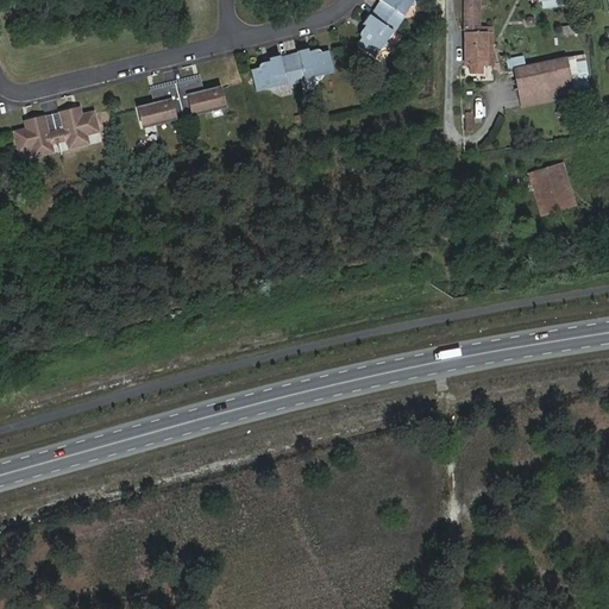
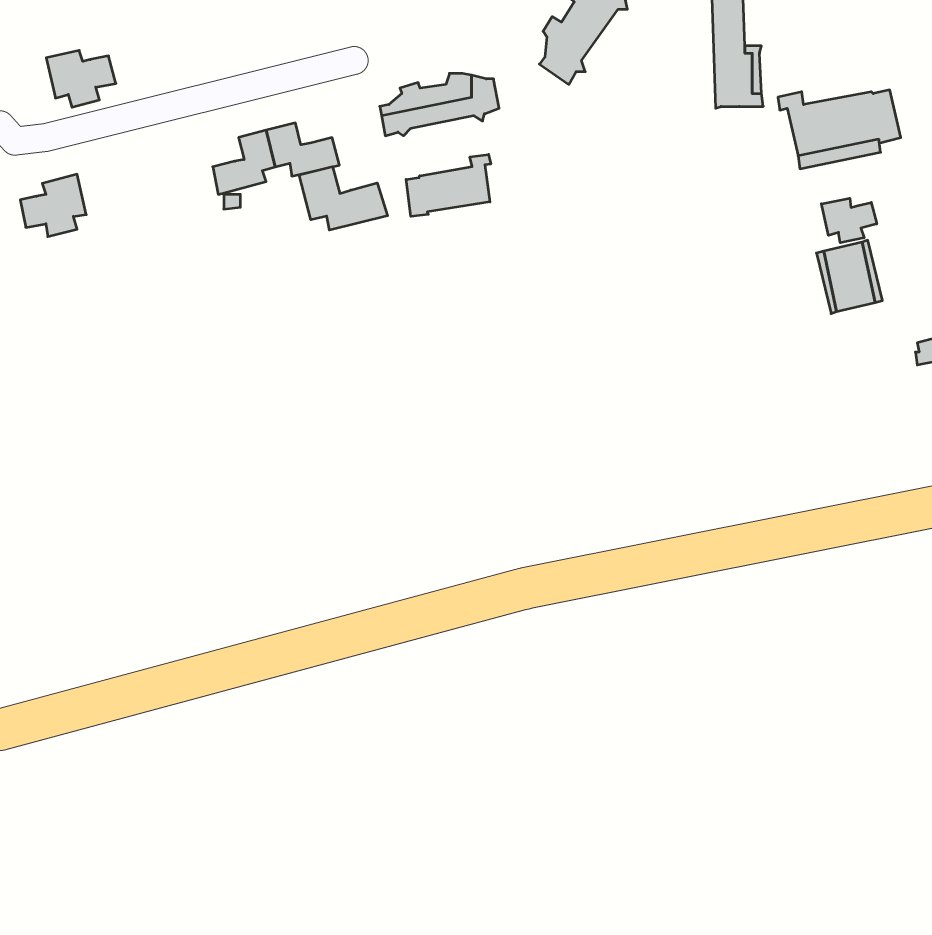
building: none -> [406,154,491,216]
building: none -> [299,167,388,230]
building: [54,108,99,145] -> [46,50,116,107]
building: none -> [821,198,877,243]

